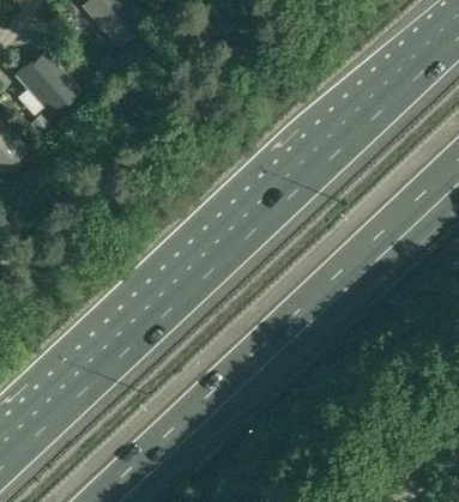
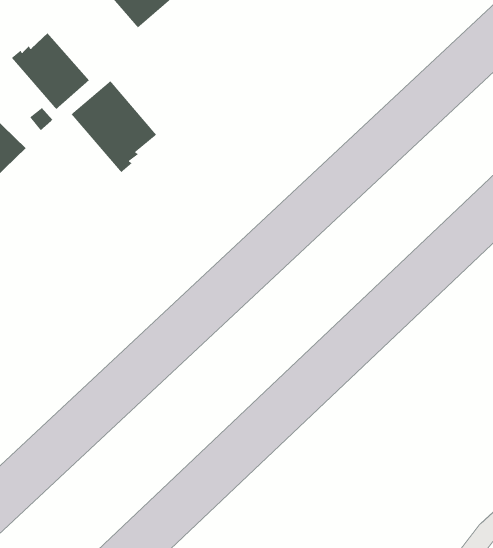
building: none -> [70,80,157,173]

